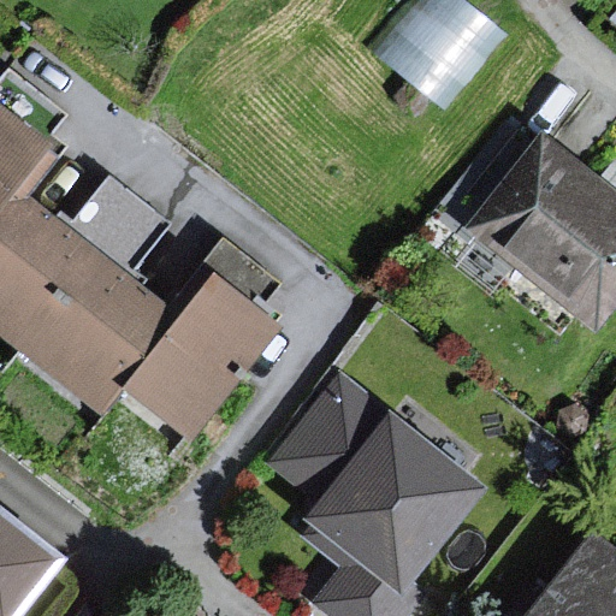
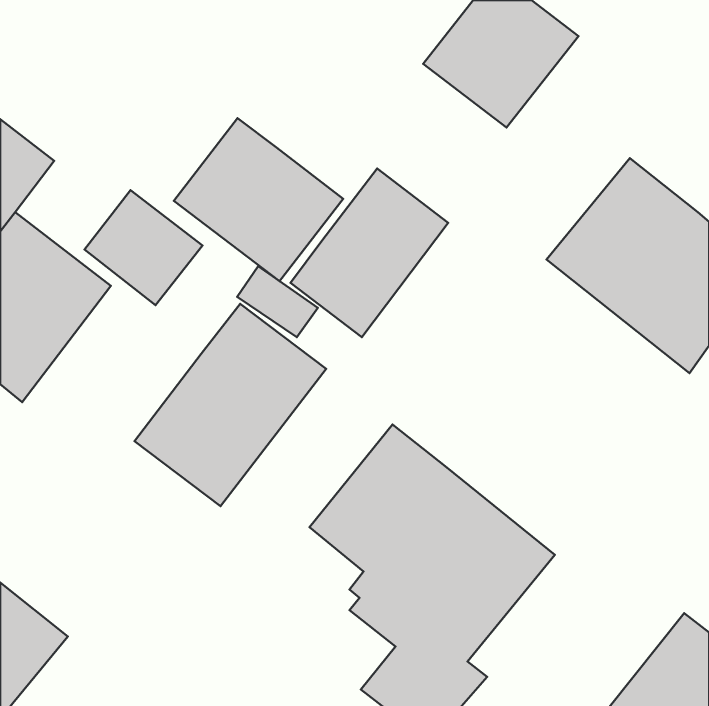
building: none -> [174,118,343,281]
building: none -> [291,168,448,337]
building: [19,250,174,410] -> none

